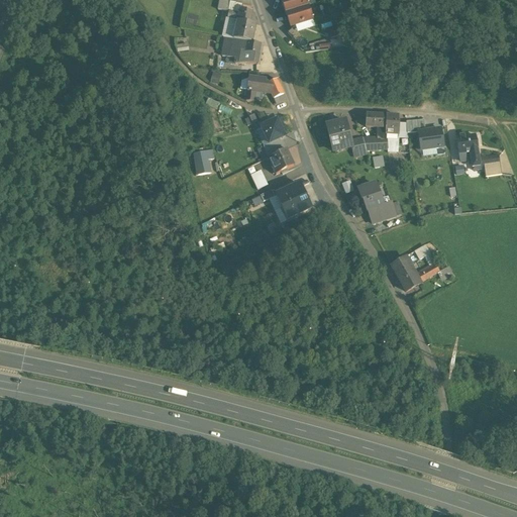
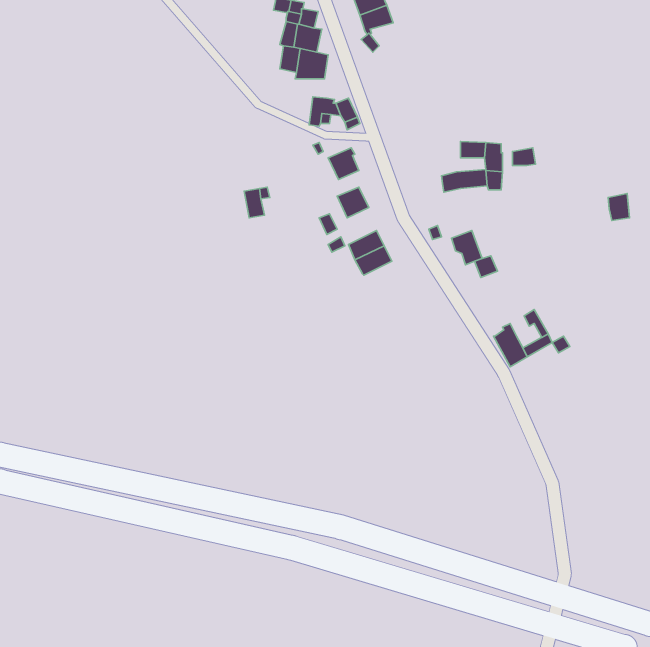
building: [326,119,351,148] -> none
building: [418,127,443,148] -> none
building: [455,131,480,166] -> none

